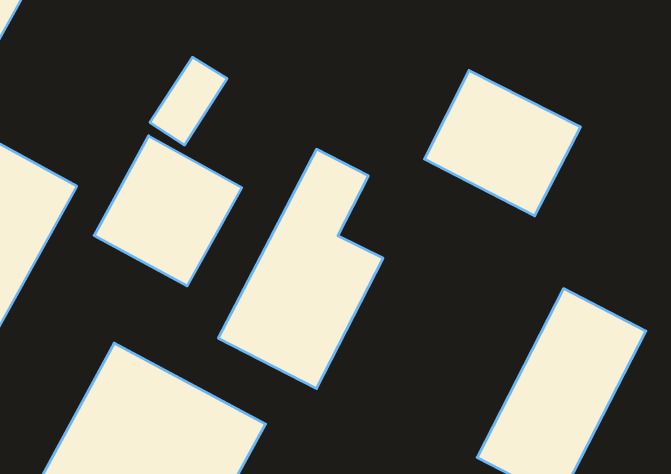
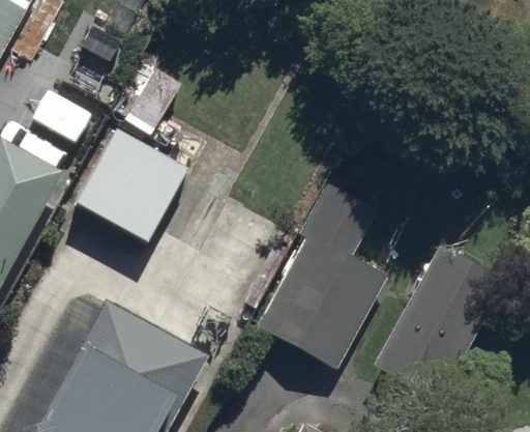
building: [424,70,580,216] -> none
building: [218,149,383,389] -> [258,188,386,374]

